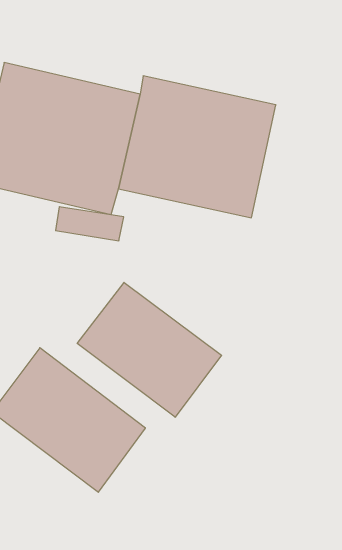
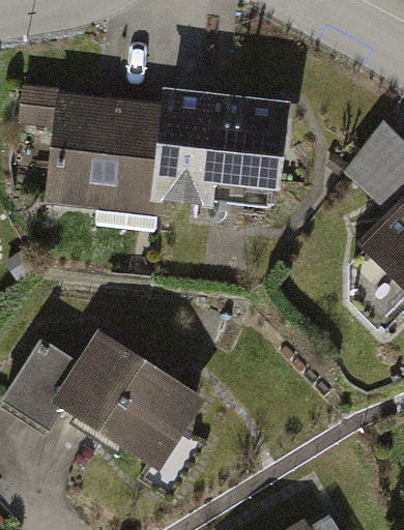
building: [77,282,222,417] -> none

